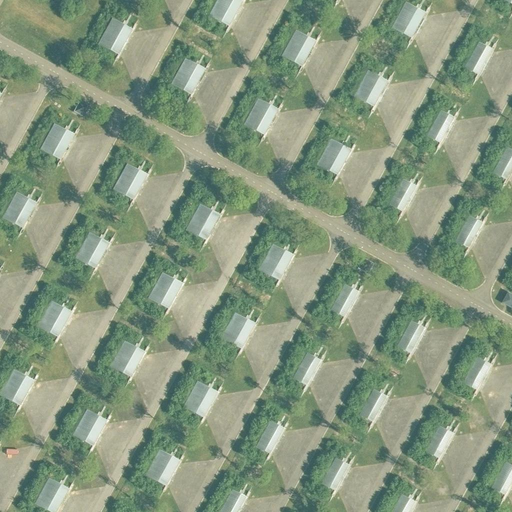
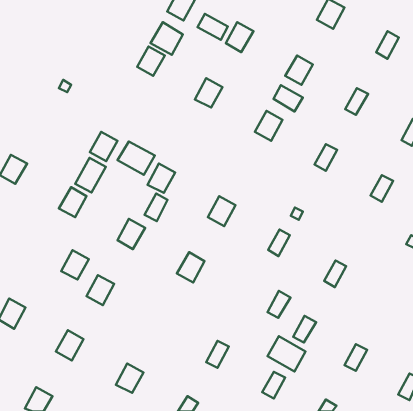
building: [96,17,130,54] -> none
building: none -> [198,14,228,40]
building: none -> [151,22,183,55]
building: none -> [273,85,303,111]
building: [38,122,72,159] -> none
building: none -> [118,142,155,175]
building: none -> [75,158,106,193]
building: none -> [145,193,168,221]
building: [37,300,71,336] -> [61,250,89,279]
building: [293,351,321,384] -> [268,291,290,318]
building: [463,355,491,389] -> none
building: [182,379,216,416] -> none
building: none -> [267,336,306,372]

